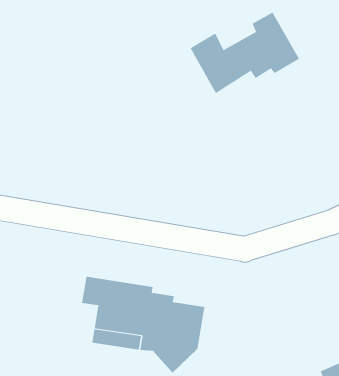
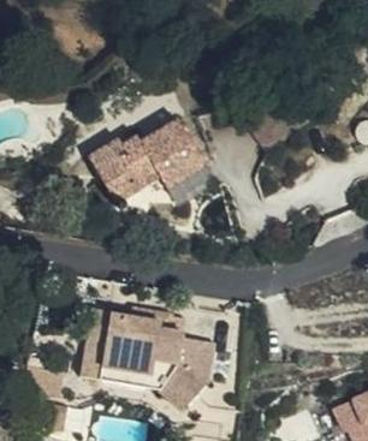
building: [190,12,300,94] -> [90,117,203,201]

